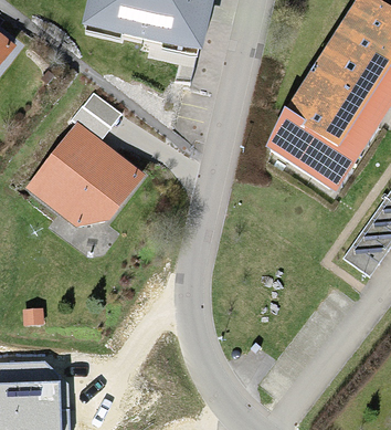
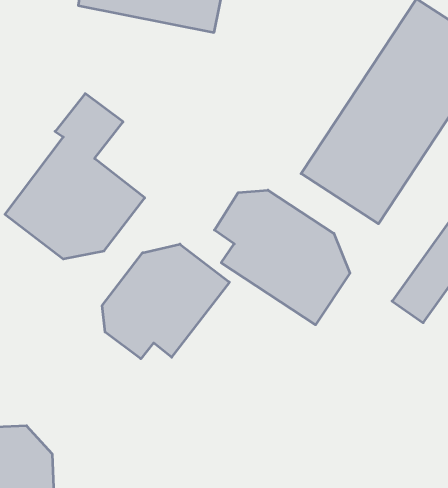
building: none -> [214,190,350,325]
building: none -> [102,244,229,359]

